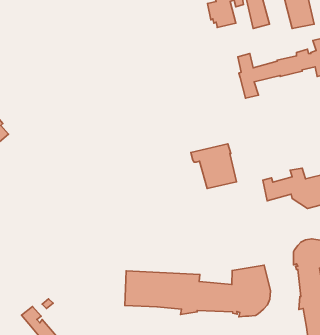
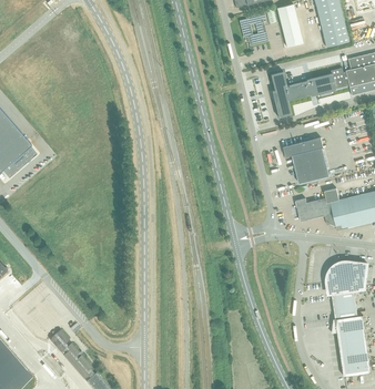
building: [191,144,236,188] -> [282,137,328,183]
building: [125,265,270,317] -> none

